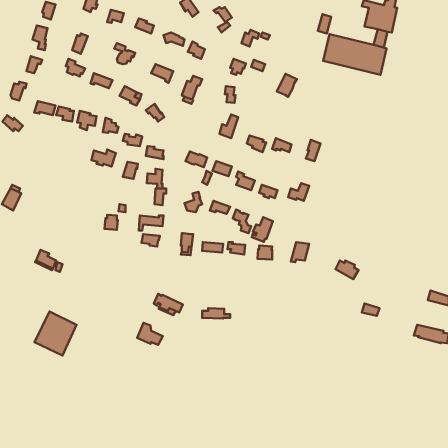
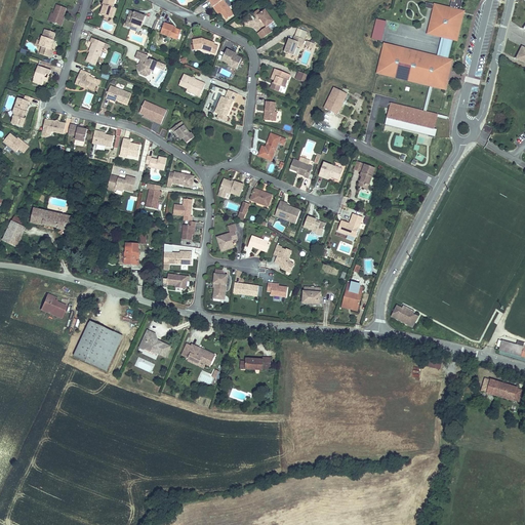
building: none -> [387,100,440,133]
building: none -> [31,207,73,231]
building: [252,217,273,242] -> none
building: [34,312,77,356] -> [74,318,123,369]
building: [137,323,163,345] -> [140,327,170,353]

